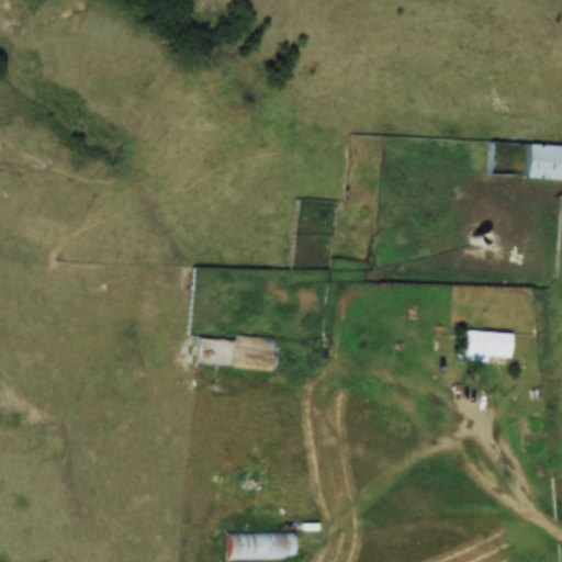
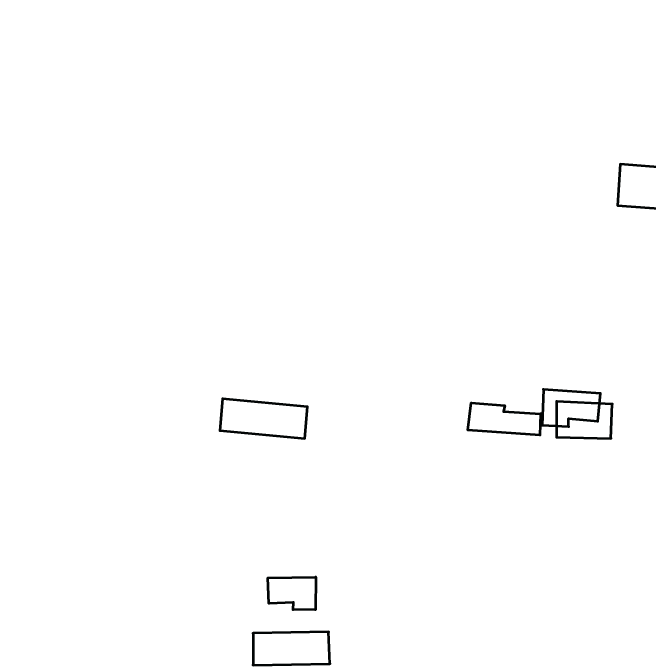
building: none -> [468,403,541,435]
building: none -> [268,577,316,610]

